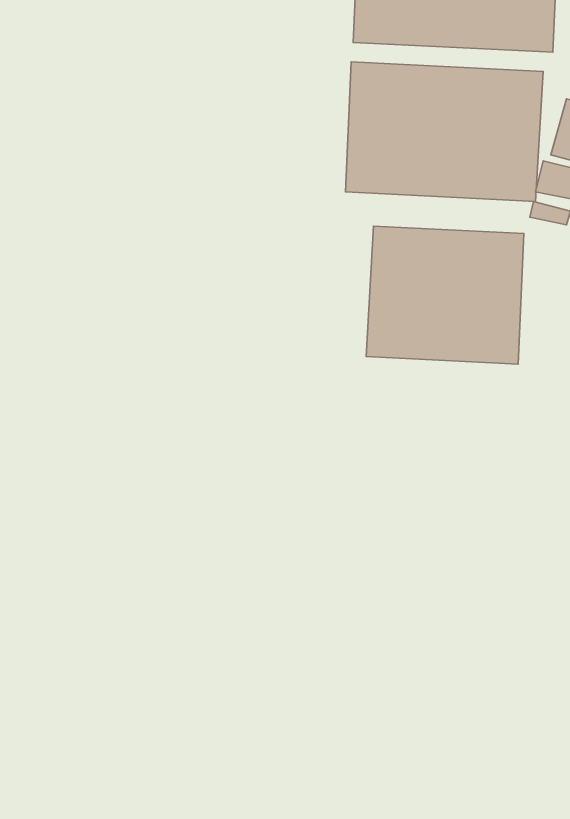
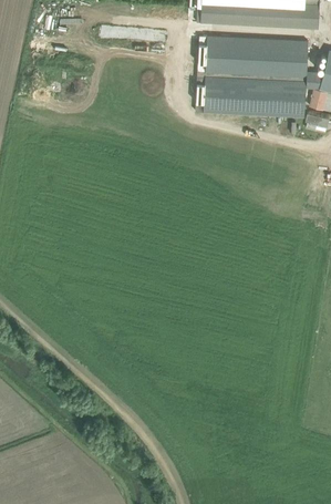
building: [366,226,524,364] -> none

